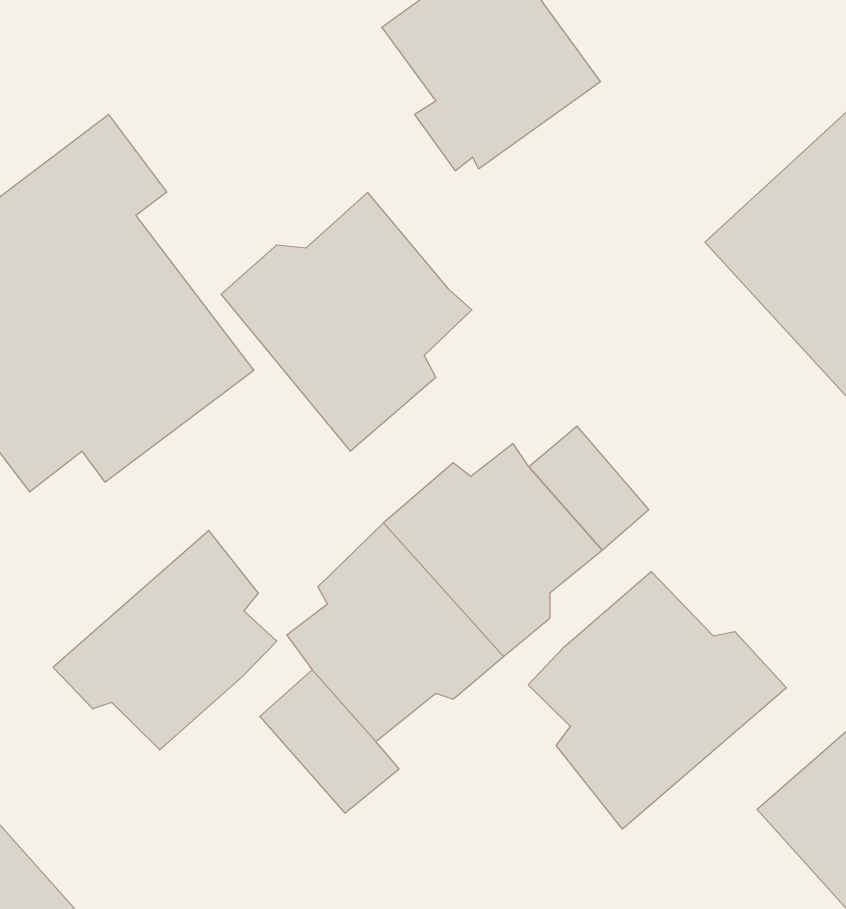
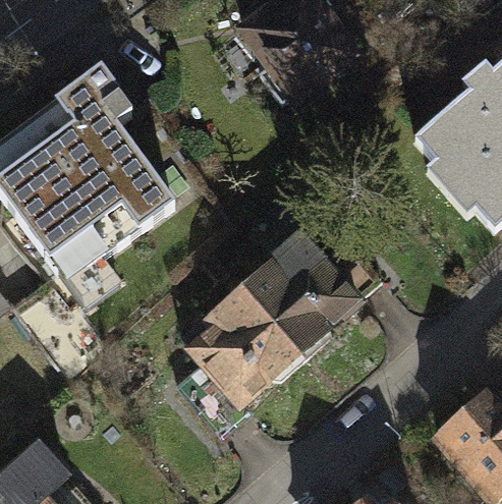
building: [221,192,472,451] -> none
building: [53,530,277,750] -> none
building: [528,571,787,829] -> none

